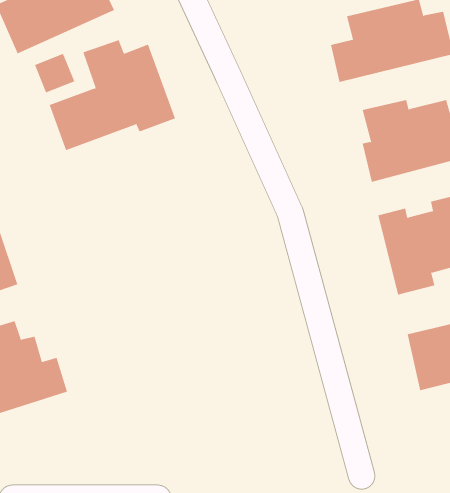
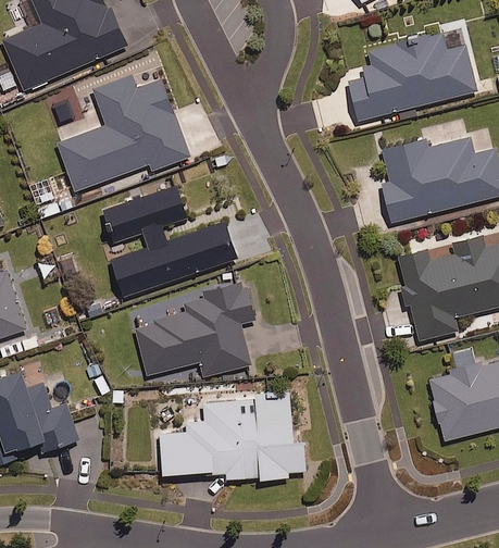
building: none -> [103,187,237,298]
building: none -> [132,281,254,377]
building: none -> [157,399,303,481]

